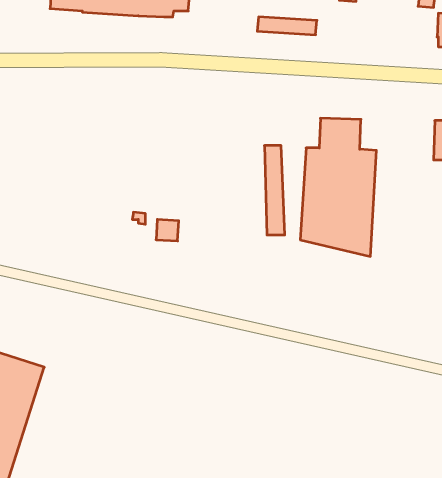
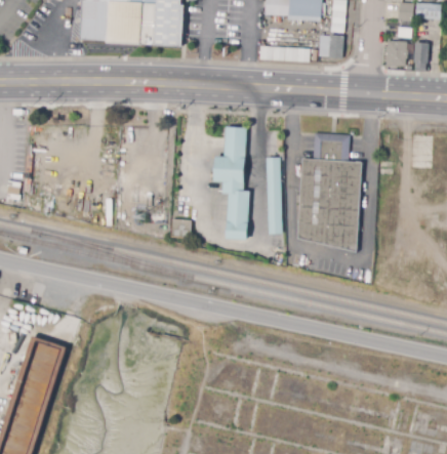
building: none -> [319,35,342,57]
building: none -> [384,41,407,67]
building: none -> [212,125,248,238]

